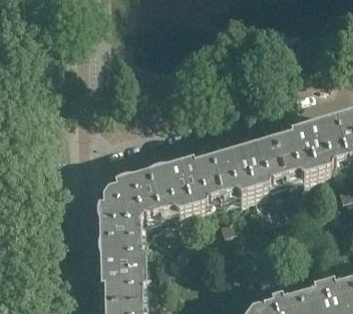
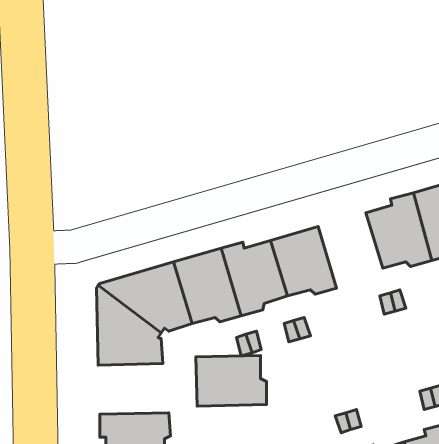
building: [242,143,284,193] -> none
building: [98,242,144,275] -> [196,355,267,406]

